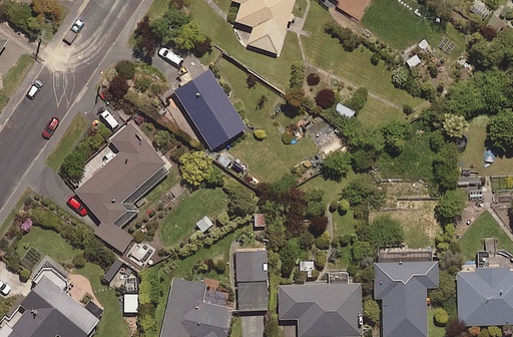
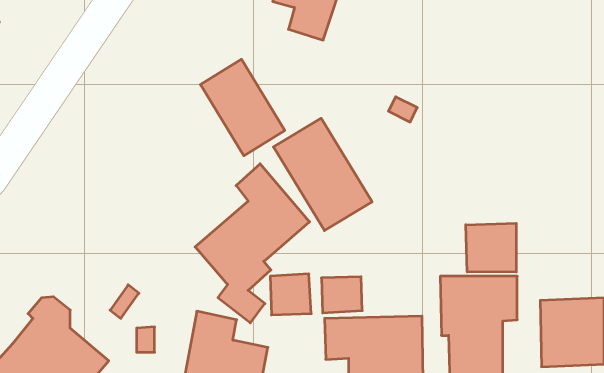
building: none -> [273,118,372,231]
building: [75,122,170,255] -> [195,164,310,323]
building: none -> [466,223,516,272]
building: [234,281,269,311] -> [321,277,362,313]

